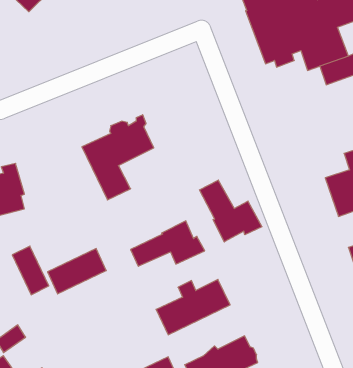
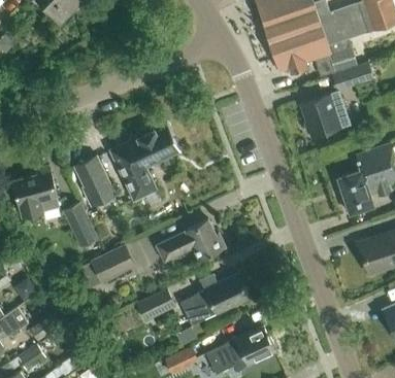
building: none -> [300,91,349,138]
building: none -> [74,157,114,207]
building: [200,180,262,242] -> none
building: [12,246,49,295] -> [63,202,97,247]
building: none -> [135,287,175,320]

